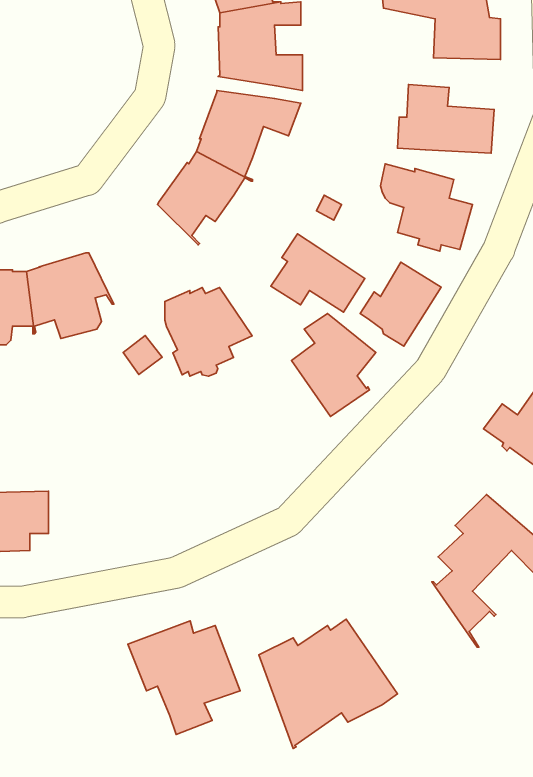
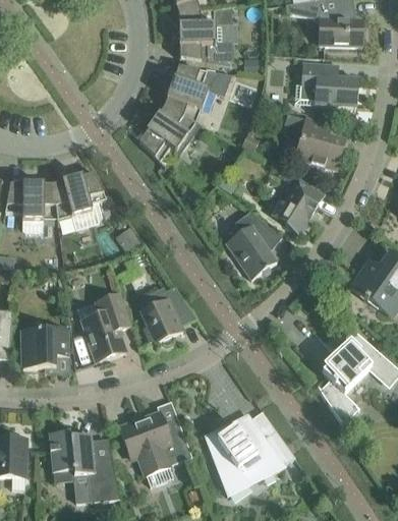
building: [271,234,365,312] -> none
building: [165,287,252,376] -> [138,285,195,343]
building: none -> [77,292,131,361]
building: none -> [49,430,120,502]

